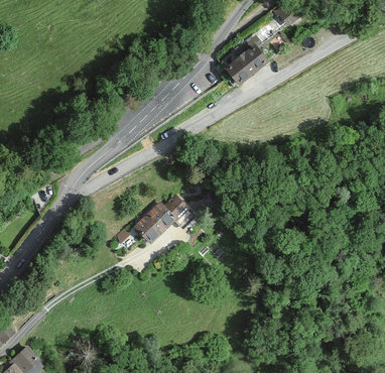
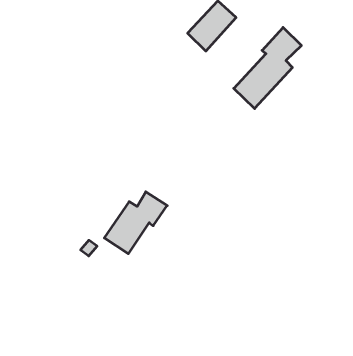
building: none -> [234,27,301,109]

